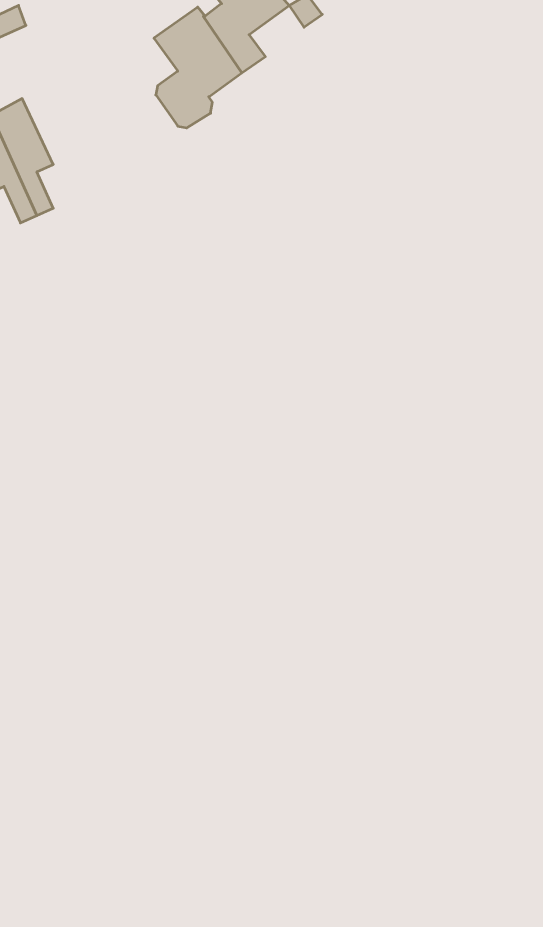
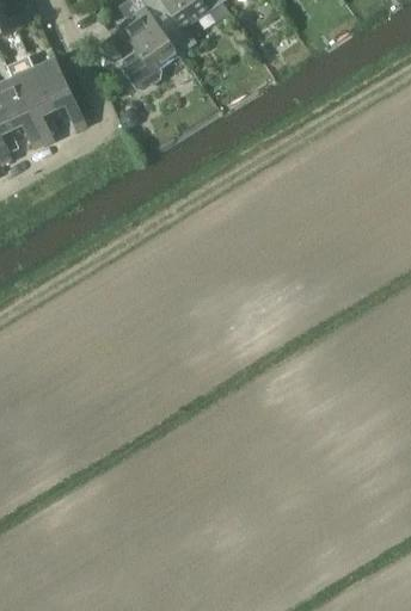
building: none -> [33,56,86,128]

